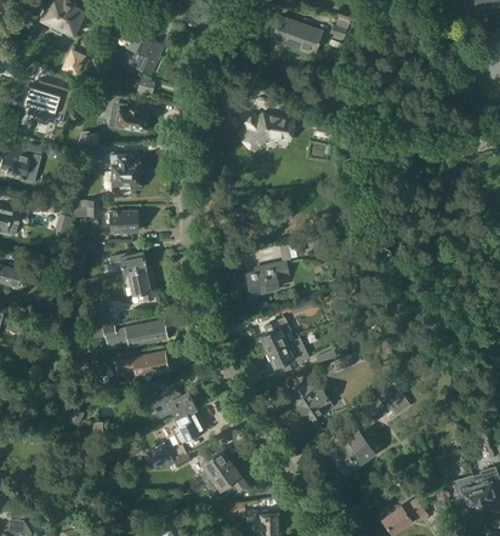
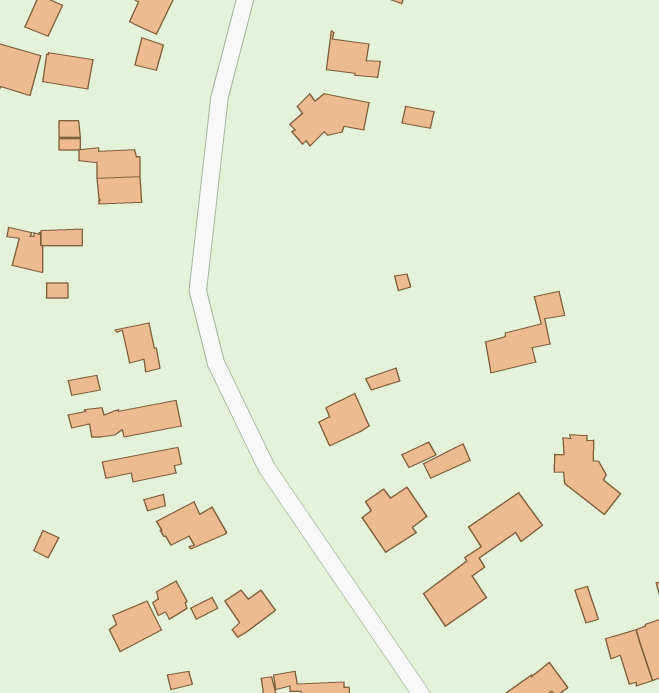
building: none -> [327,31,380,78]
building: [115,107,149,131] -> [43,53,93,89]
building: [110,211,141,232] -> none
building: [246,240,300,295] -> [485,292,565,373]
building: [107,252,147,274] -> none
building: [267,337,309,371] -> none
building: none -> [554,435,620,514]
building: [171,411,206,445] -> [109,601,162,652]
building: [204,462,246,496] -> none

